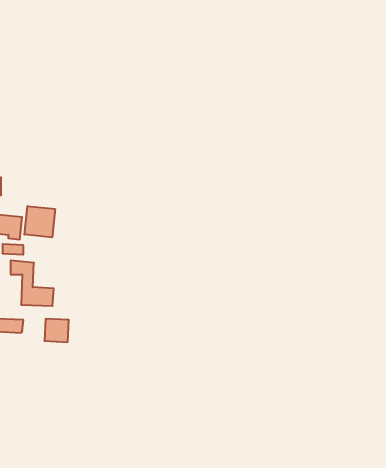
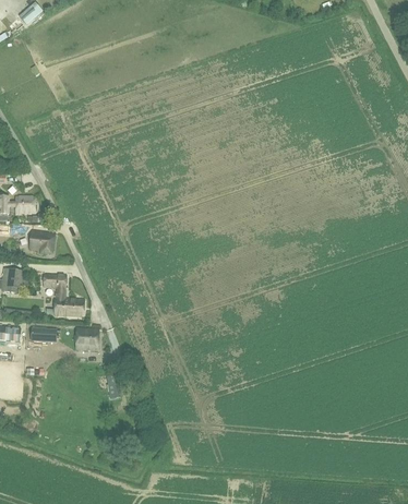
building: [24,206,55,237] -> none

